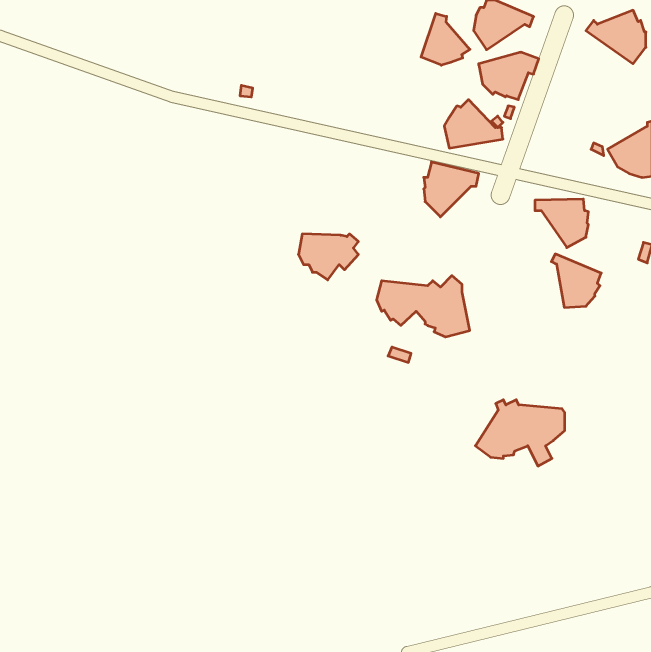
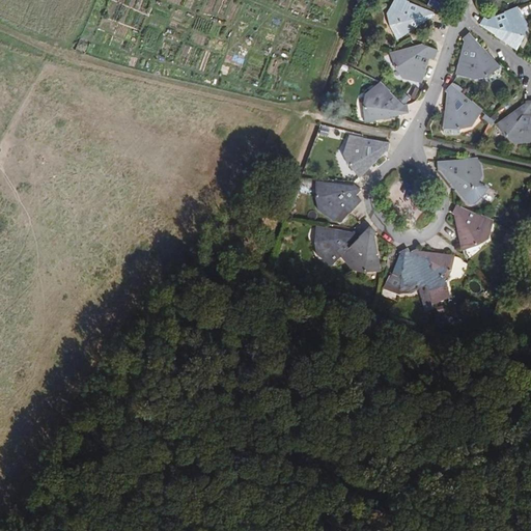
building: [421,13,470,65] -> none
building: none -> [456,30,500,76]
building: none -> [441,84,478,133]
building: [298,234,358,280] -> [313,183,362,220]
building: [475,400,565,466] -> [383,246,455,300]

